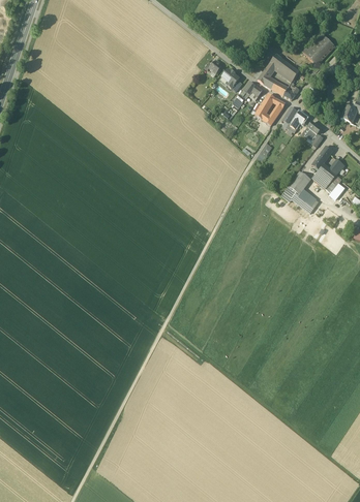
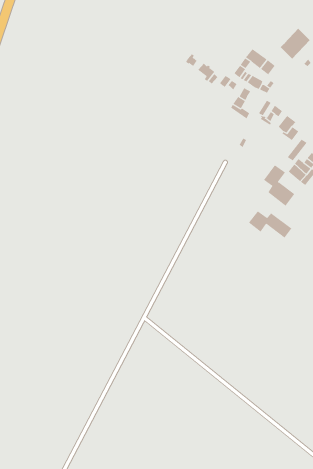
building: none -> [248,210,292,238]

